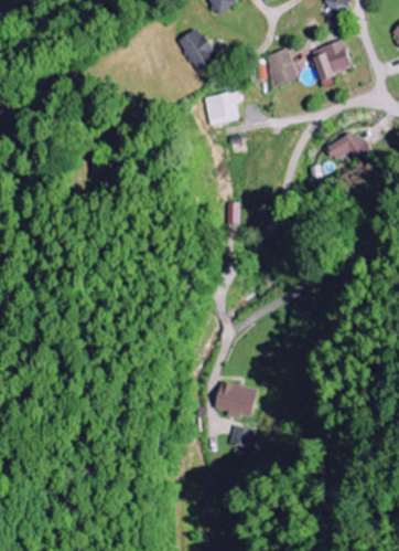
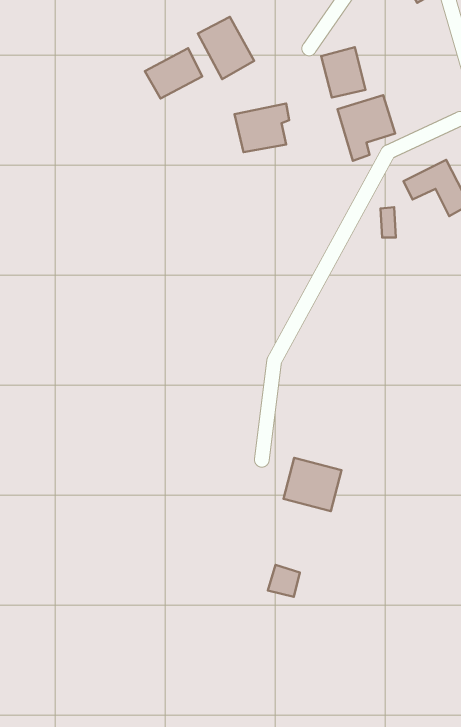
building: [312,40,354,87] -> [337,95,395,161]
building: none -> [145,48,202,99]
building: [213,380,255,418] -> [284,458,341,511]

